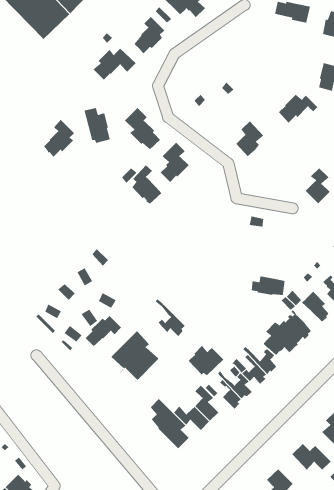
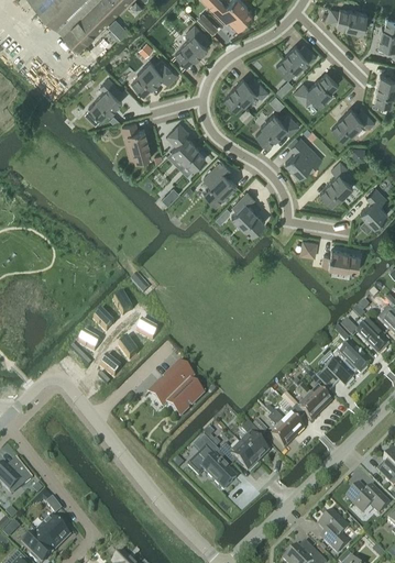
building: none -> [277,43,317,76]
building: none -> [294,71,338,104]
building: none -> [224,77,268,109]
building: none -> [256,112,300,144]
building: [43,119,75,158] -> [90,76,124,118]
building: none -> [320,159,354,203]
building: [131,165,162,204] -> [232,190,265,233]
building: [251,276,285,296] -> [322,247,360,269]
building: [155,298,186,337] -> none
building: [85,315,122,347] -> none
building: [188,345,224,376] -> none

